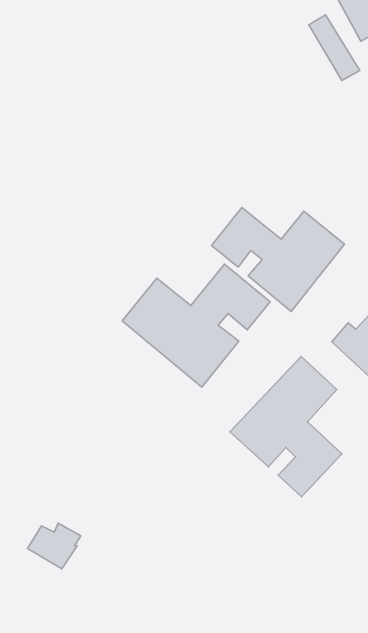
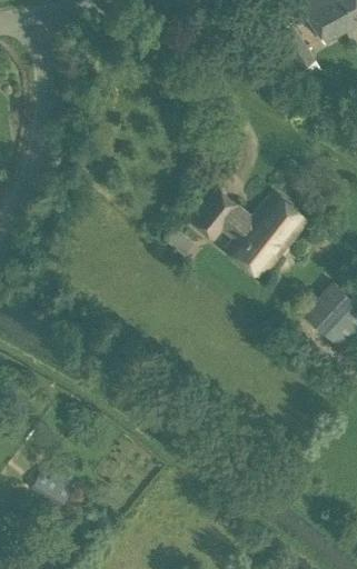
building: [122,264,270,387] -> none
building: [230,357,342,497] -> none

